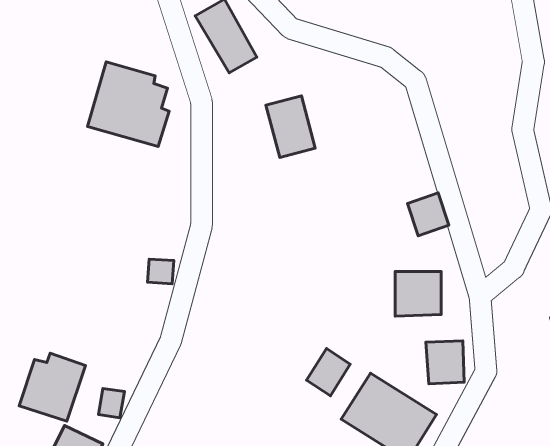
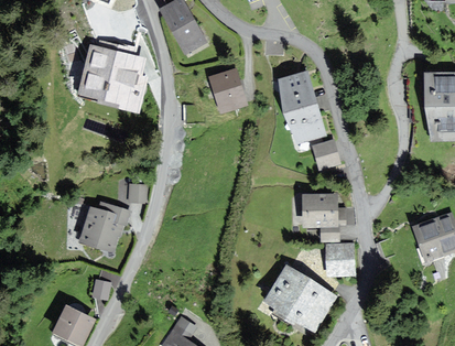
building: none -> [281,72,322,138]
building: [307,348,350,396] -> none
building: [19,353,85,421] -> [79,204,127,252]

